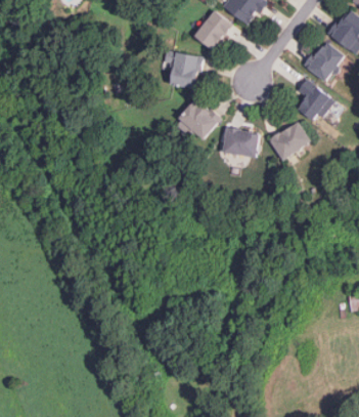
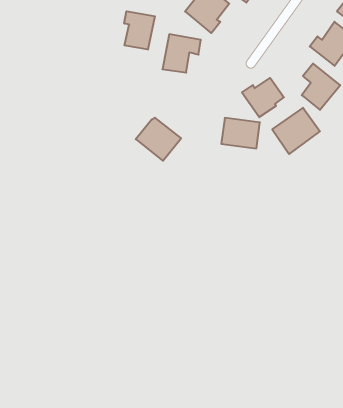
building: none -> [124,11,155,50]
building: none -> [242,78,284,117]
building: [178,98,219,137] -> [136,118,181,161]

